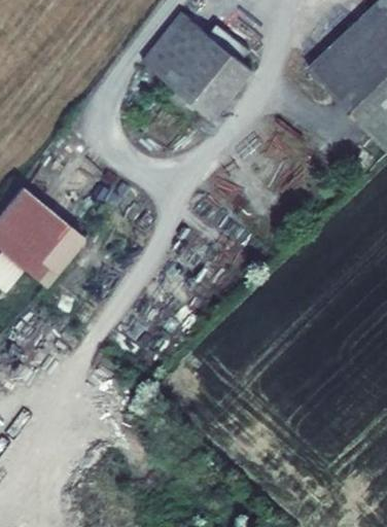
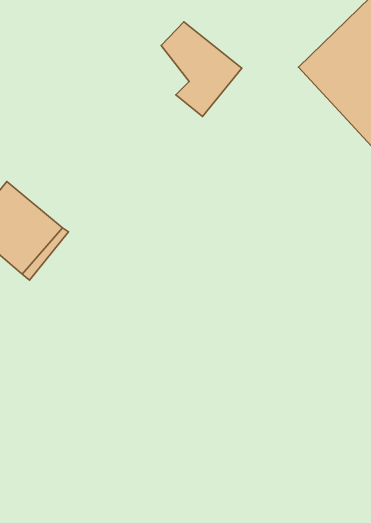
building: [142,11,200,96] -> none

